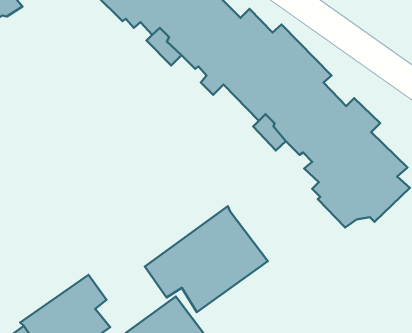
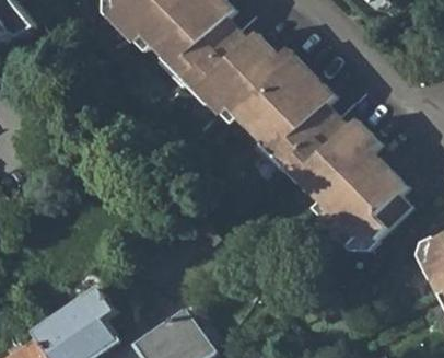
building: [145,206,268,312] -> none

